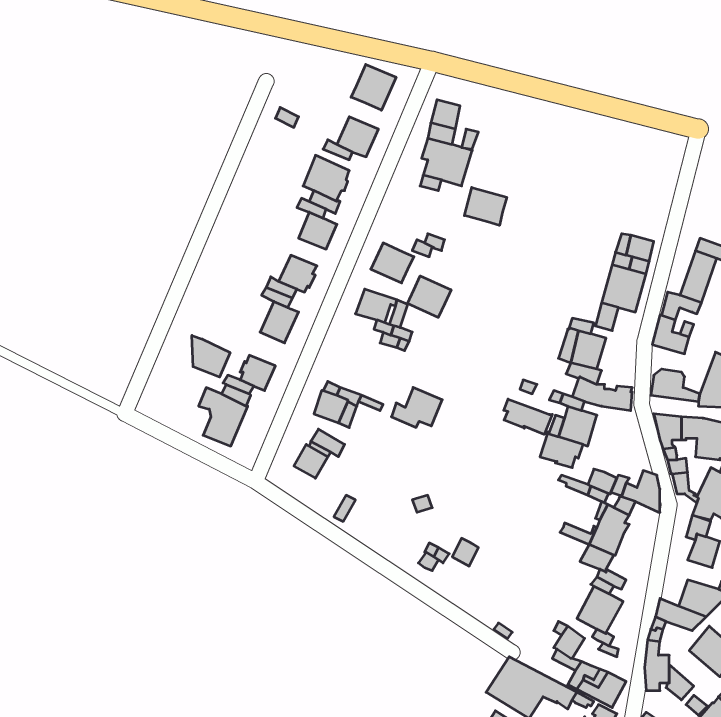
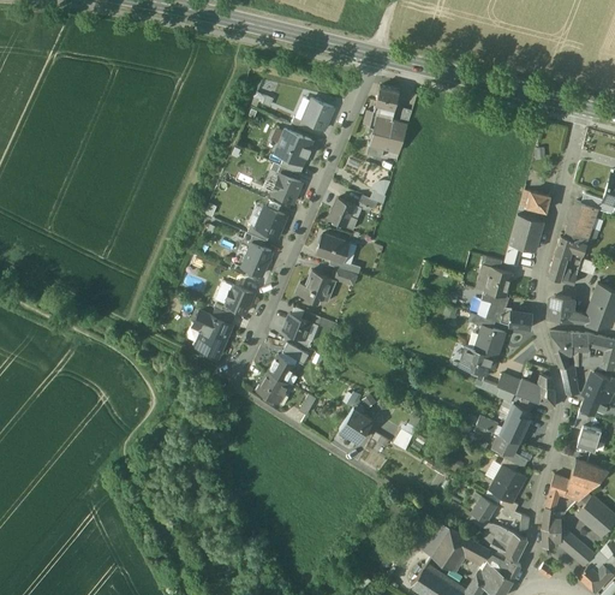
building: [351,64,396,110] -> none
building: [464,187,507,225] -> none
building: [408,276,451,317] -> none
building: [192,335,230,377] -> none
building: [391,387,442,427] -> [297,269,336,301]
building: [504,399,552,434] -> none
building: none -> [258,371,289,403]
building: none -> [340,406,374,442]

